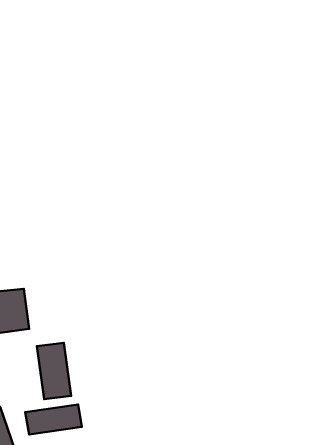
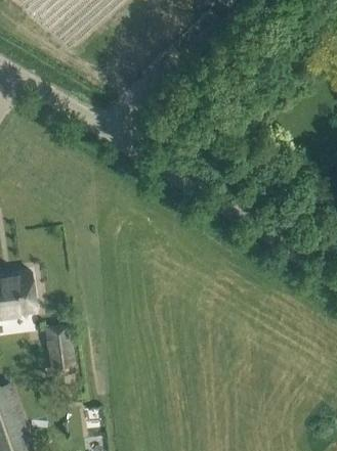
building: [25,405,82,434] -> none

